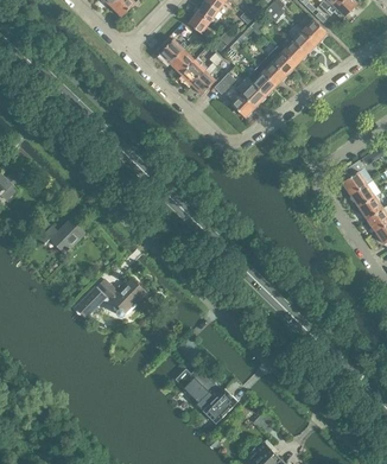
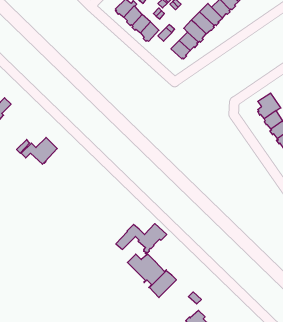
building: [81,278,146,314] -> [116,224,167,252]

